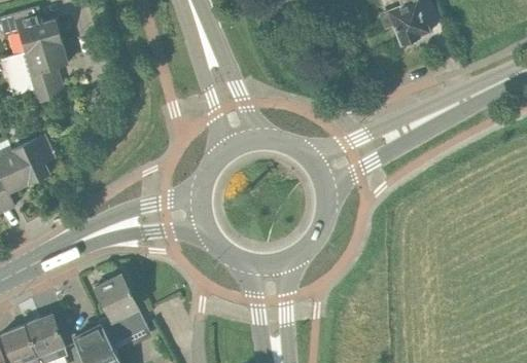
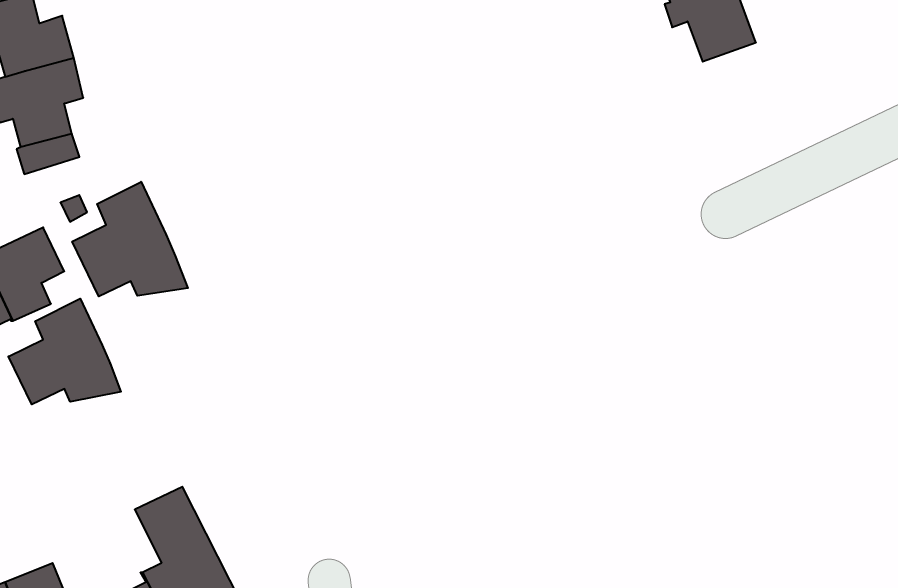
building: none -> [72,182,188,296]
building: none -> [8,299,121,404]

